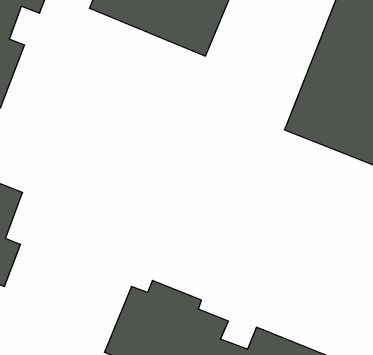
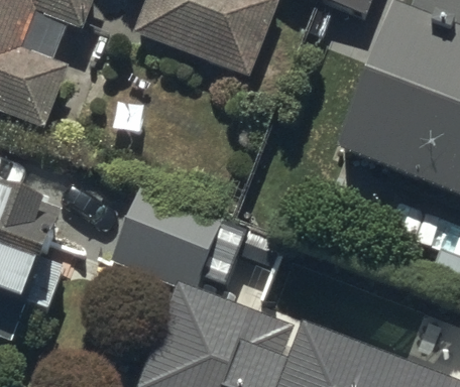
building: none -> [110,181,225,293]

